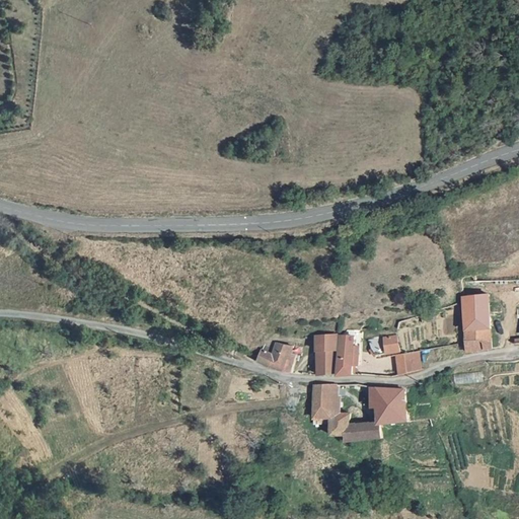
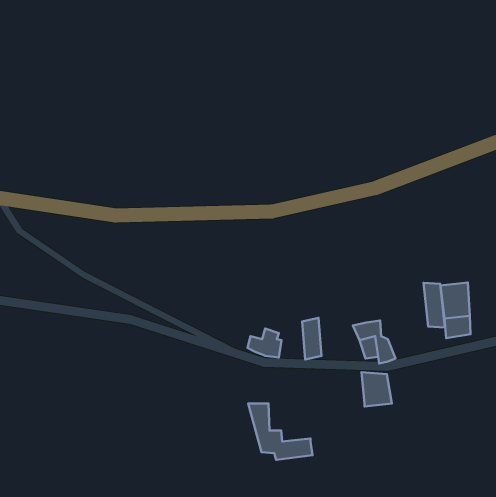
building: none -> [423,283,445,328]
building: [335,343,351,375] -> none
building: [314,383,381,442] -> [248,403,312,460]

